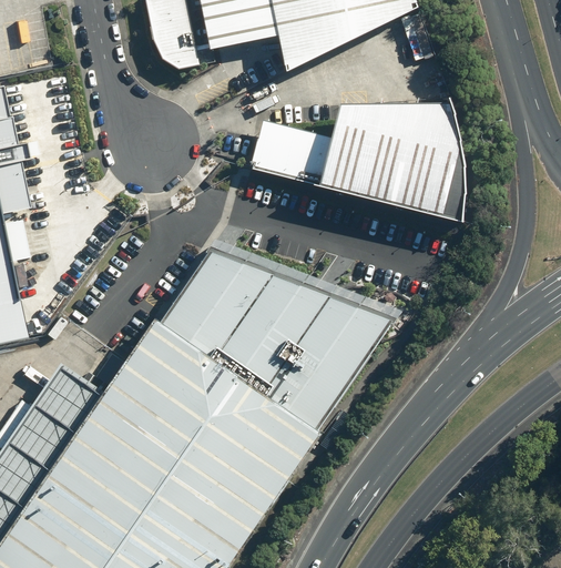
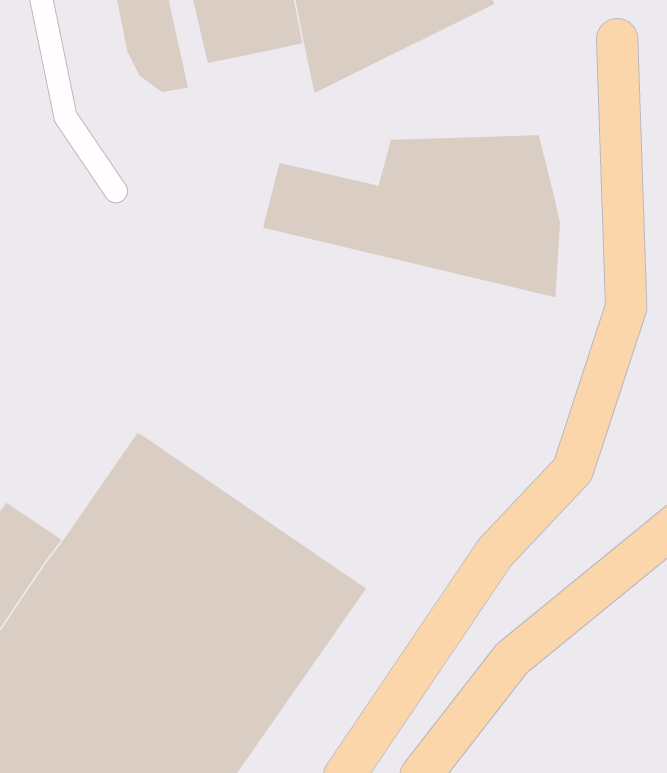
building: [163,245,390,426] -> none

